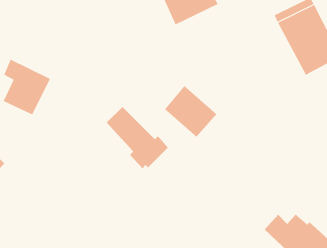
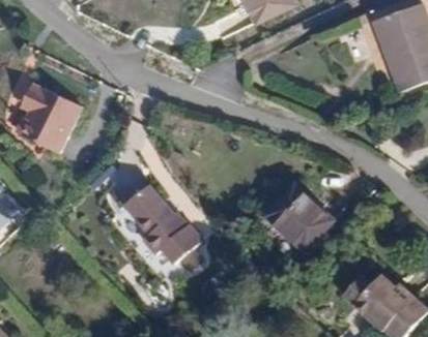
building: [164,85,217,137] -> [265,184,332,249]
building: [106,106,169,169] -> [116,186,195,265]

